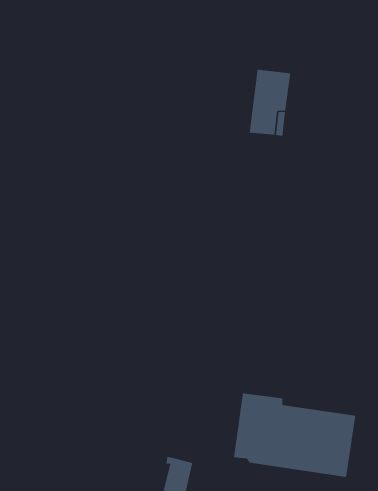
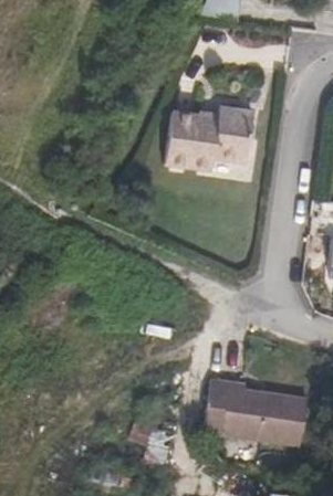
building: none -> [166,106,225,170]

